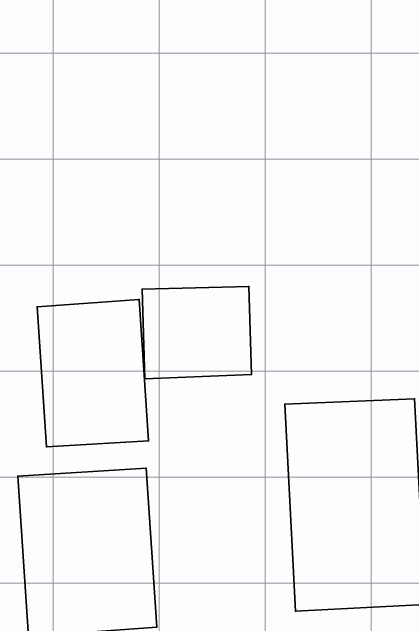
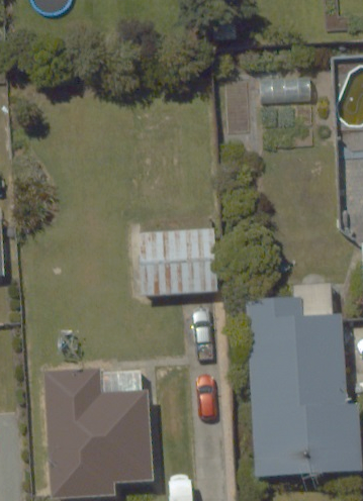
building: [37,299,148,447] -> none

